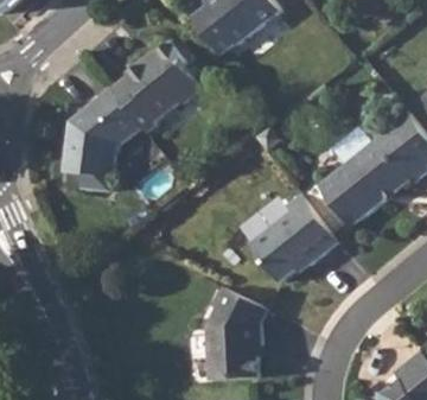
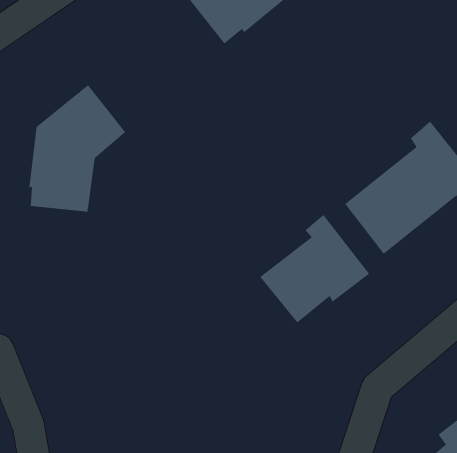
building: [110,40,199,132] -> none
building: [206,287,267,380] -> none

